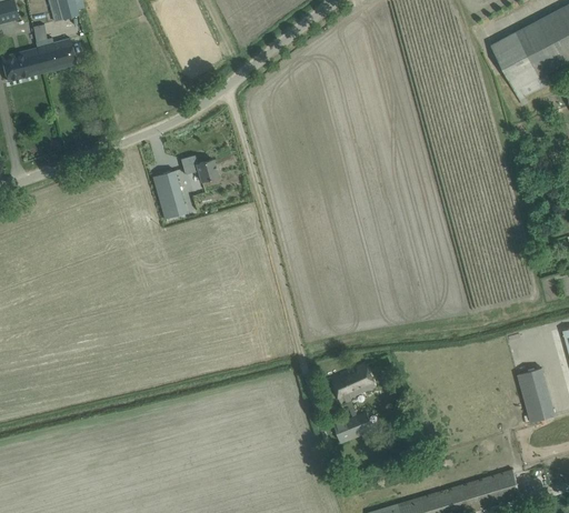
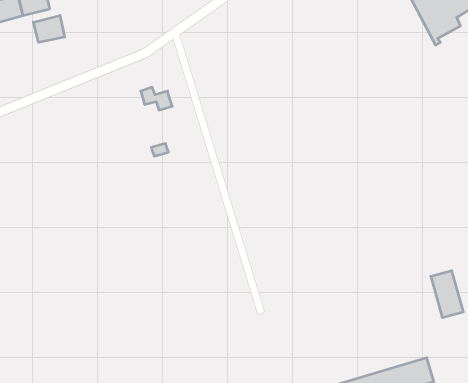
building: none -> [33,15,65,42]
building: [152,170,187,219] -> none
building: [331,364,376,443] -> none

